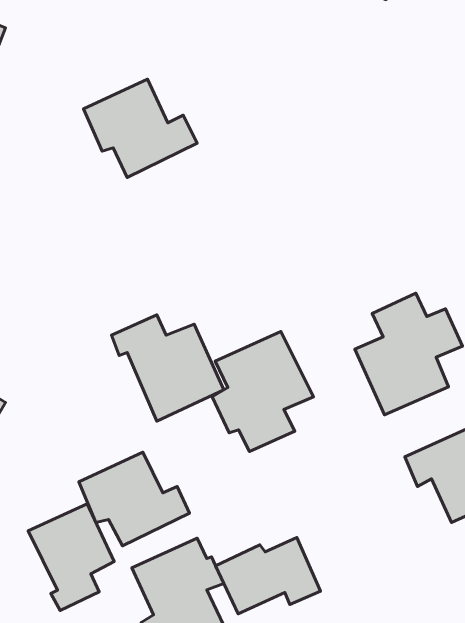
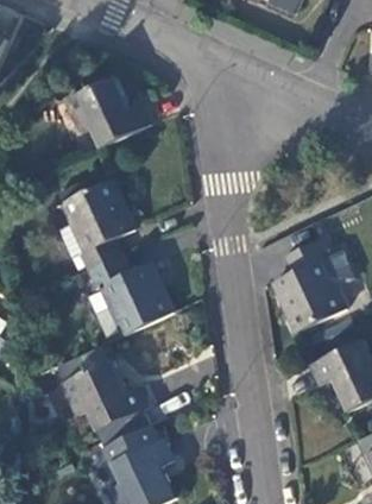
building: [212,331,313,452] -> [58,178,135,270]
building: [28,504,114,610] -> none
building: [216,537,320,614] -> none

